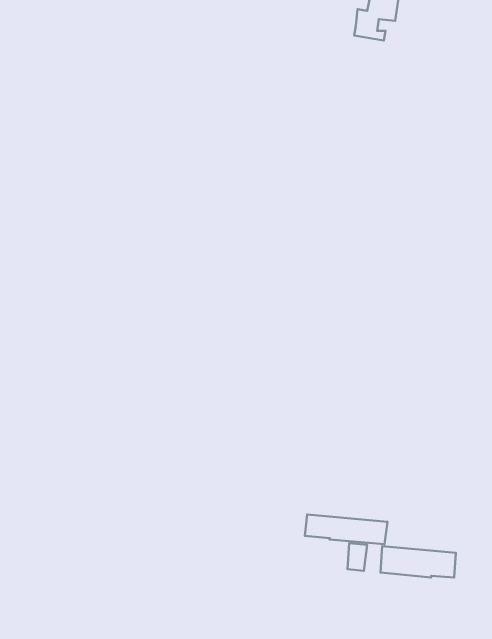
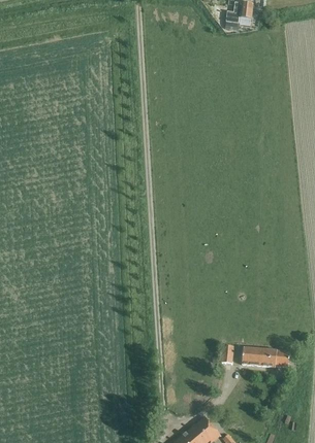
building: [305,515,387,544] -> none

